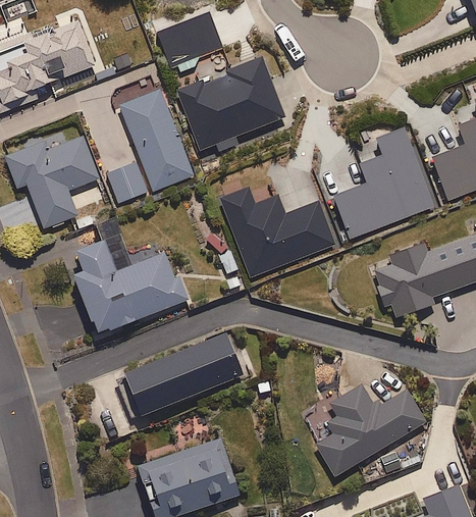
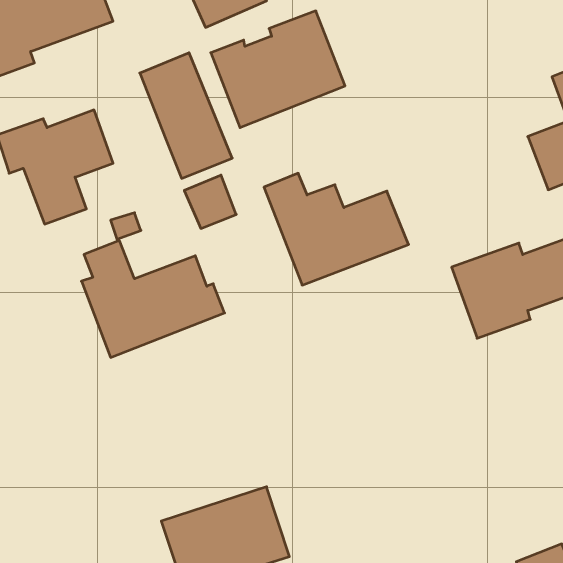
building: [333,127,434,239] -> none
building: [108,161,150,204] -> [184,175,236,228]
building: [121,331,245,419] -> none
building: [316,384,428,475] -> none

